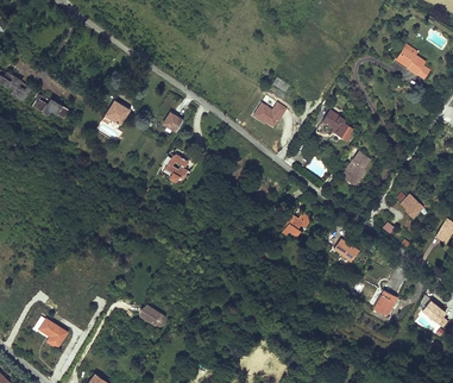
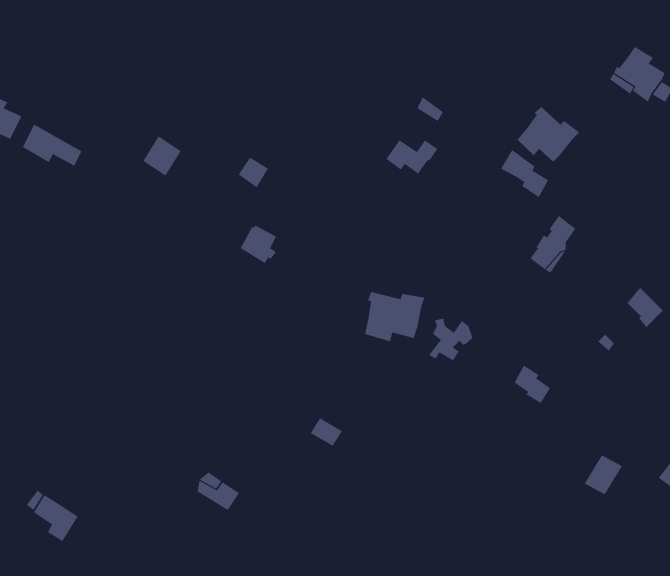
building: none -> [517,106,580,162]
building: none -> [364,291,425,342]

